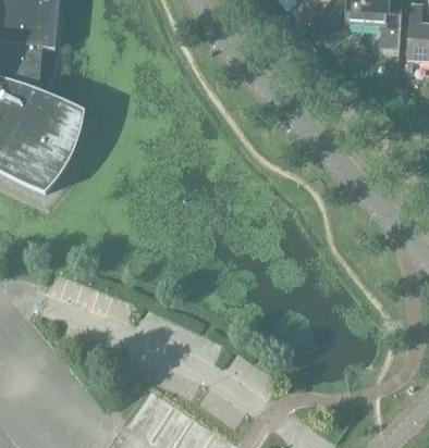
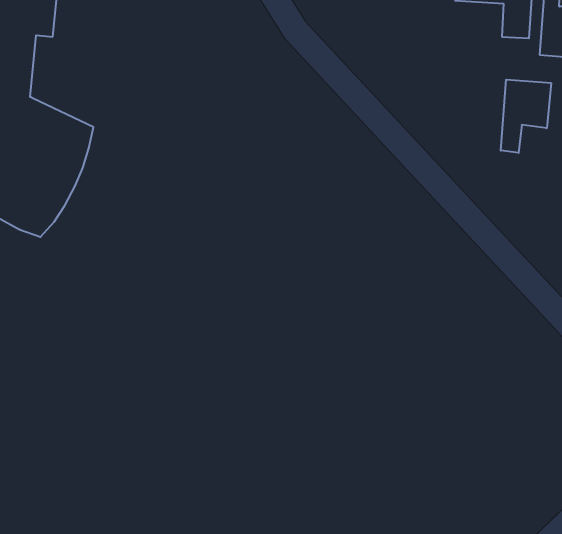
building: none -> [501,80,551,153]

